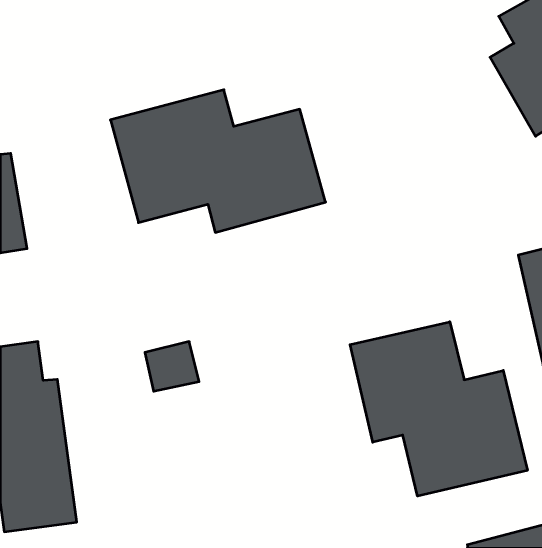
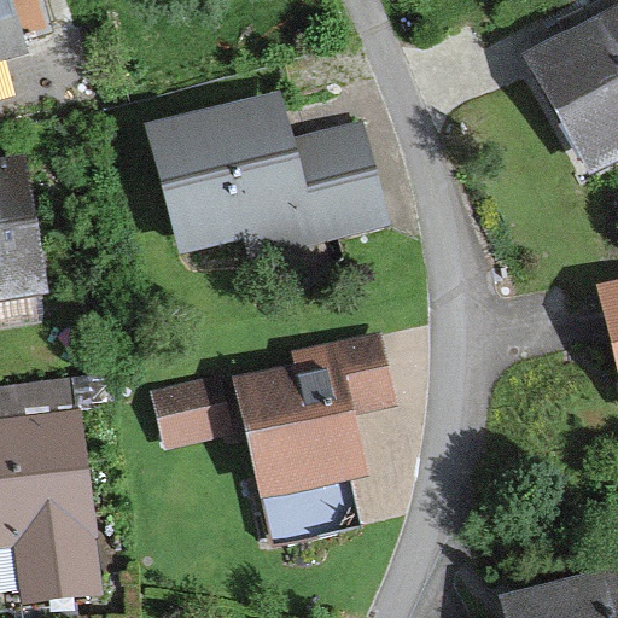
building: none -> [266,344,395,540]
building: [350,322,527,496] -> none

